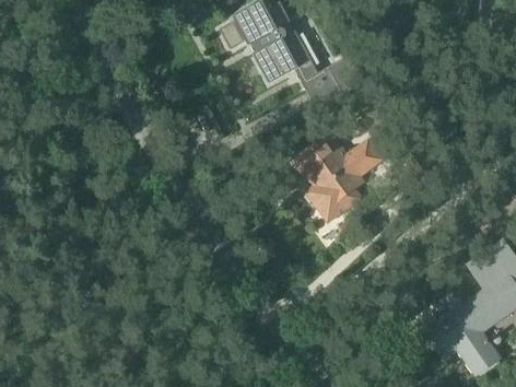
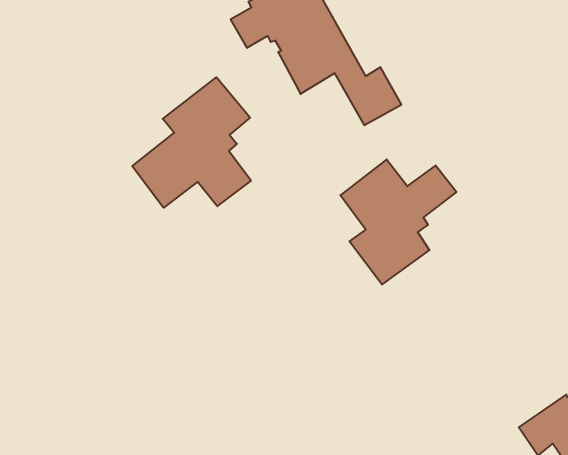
building: none -> [132,77,251,208]

